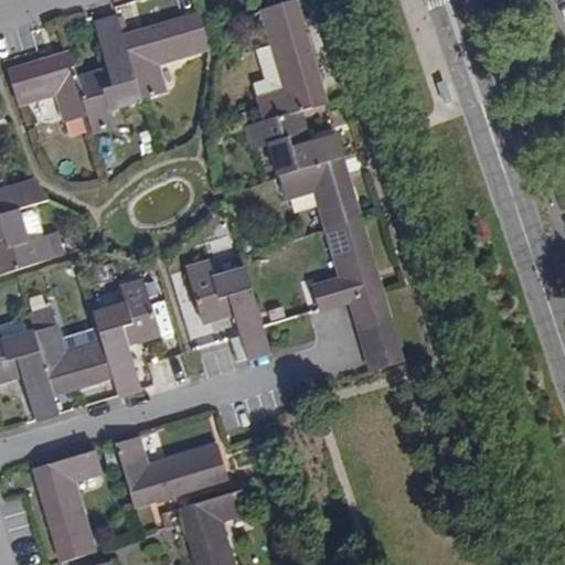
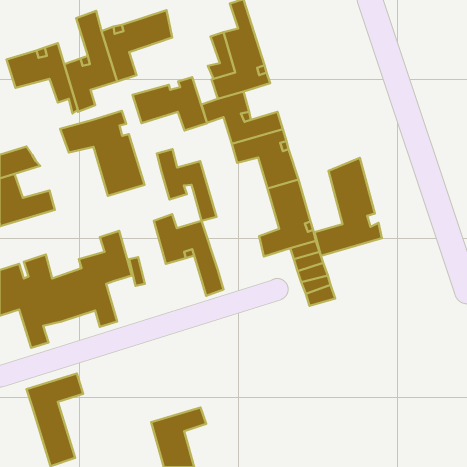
building: none -> [133,77,207,130]
building: none -> [60,111,144,196]
building: none -> [157,149,217,221]
building: none -> [315,158,382,256]
building: [114,436,224,503] -> none

